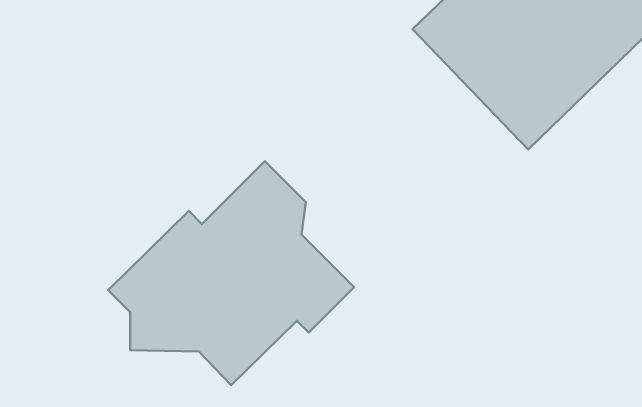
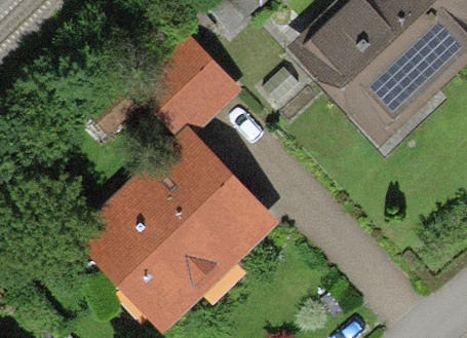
building: none -> [140,39,233,133]

